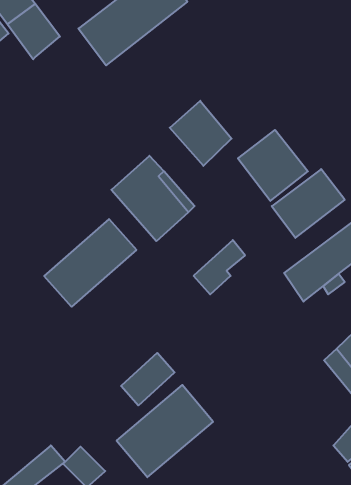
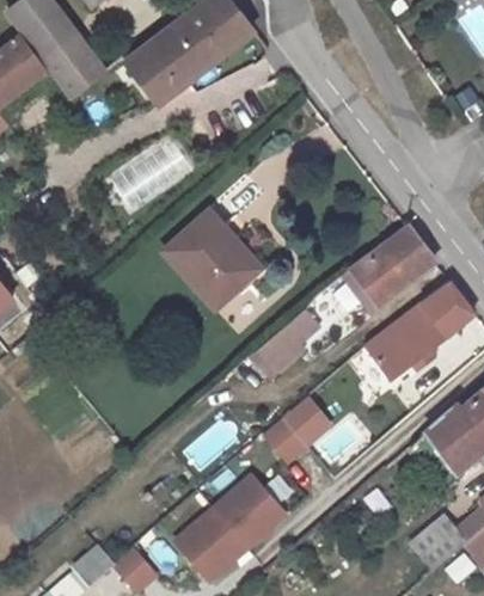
building: [170,101,232,166] -> none
building: [238,130,308,201] -> none
building: [44,219,136,307] -> none
building: [121,353,175,405] -> [265,401,327,462]

